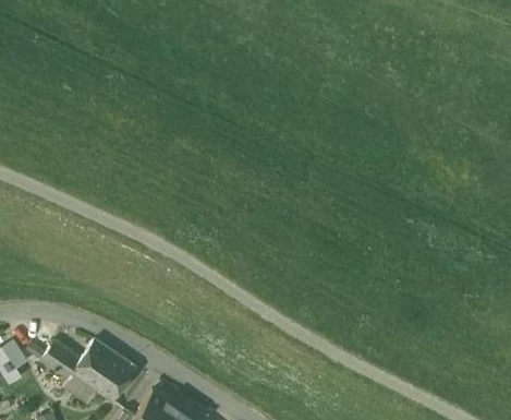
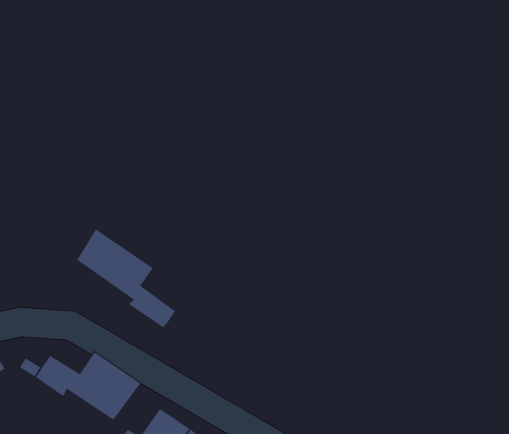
building: none -> [76,229,176,328]

